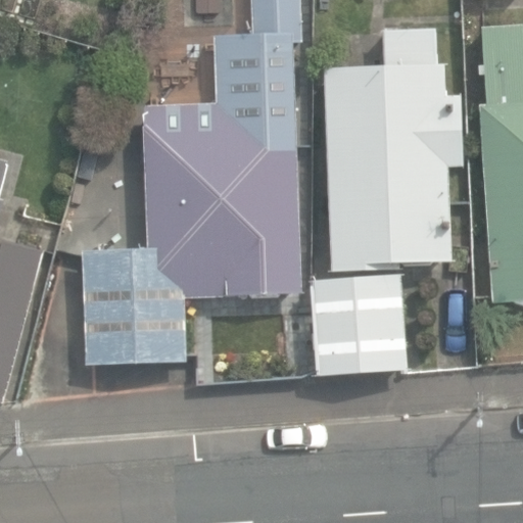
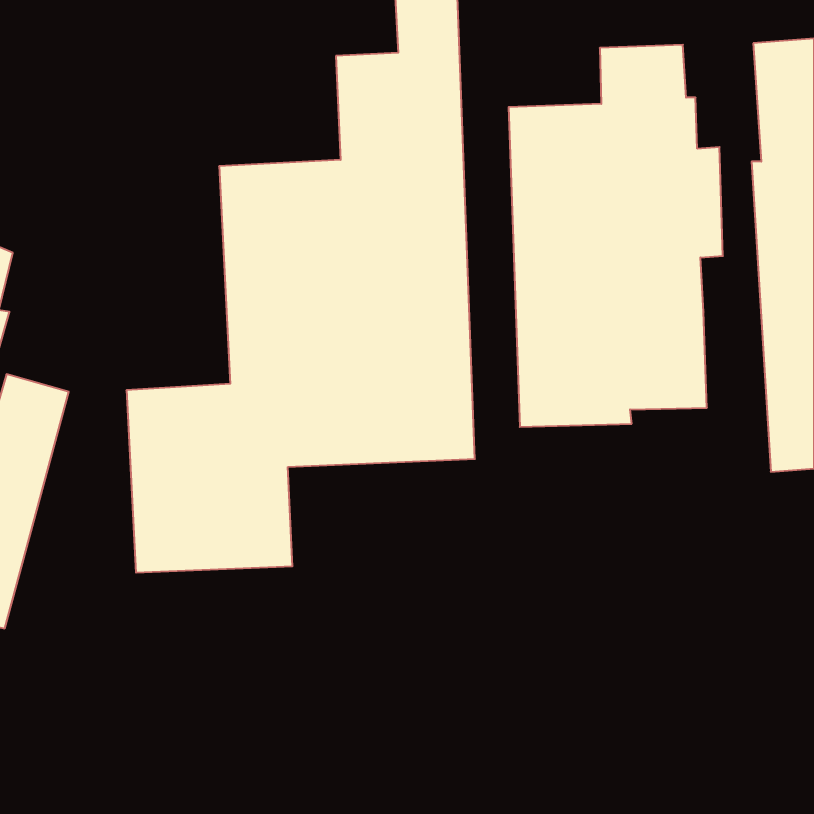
building: [310,274,409,374] -> none

